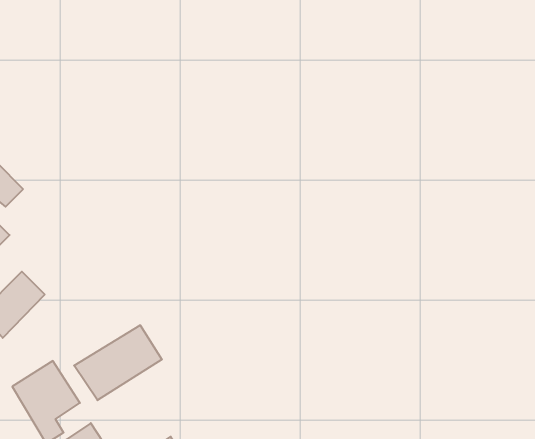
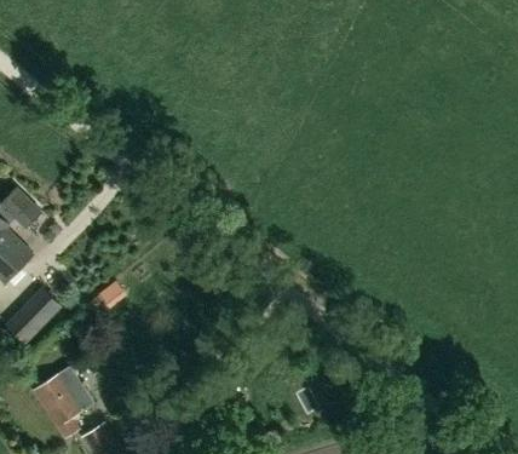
building: [74,325,162,400] -> none

